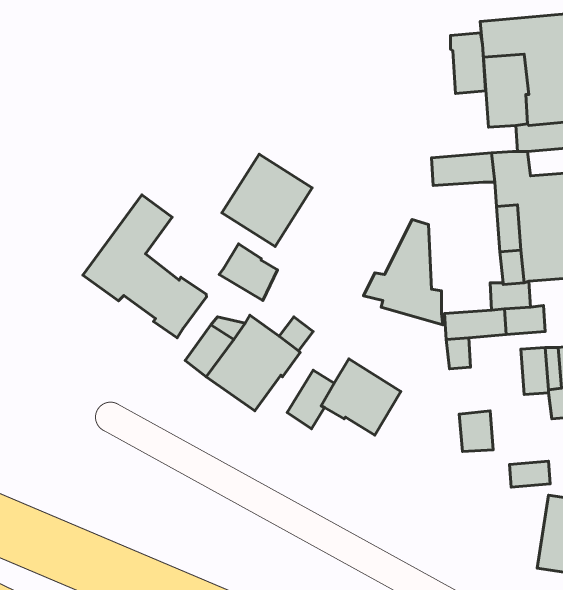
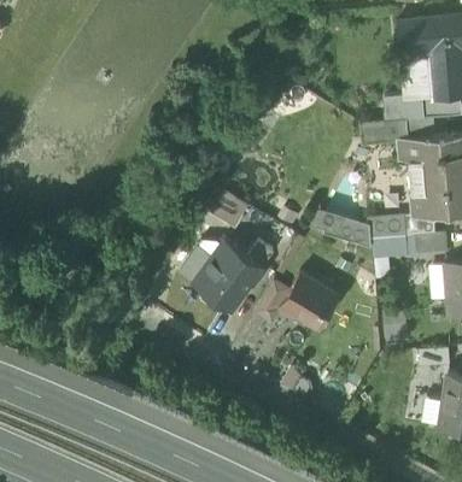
building: [450,33,486,93] -> none
building: [222,154,312,246] -> none
building: [83,195,207,338] -> none
building: none -> [368,217,407,240]

